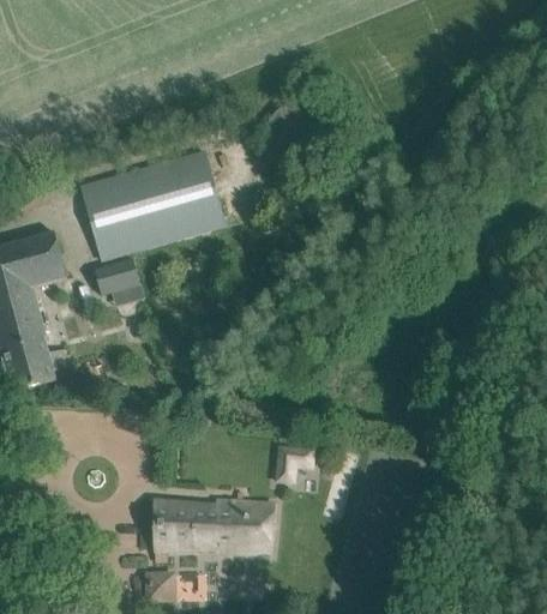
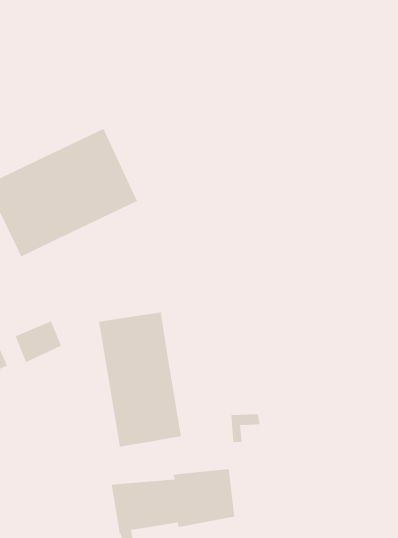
building: [95,258,139,295] -> [15,321,62,363]
building: none -> [99,312,181,448]

